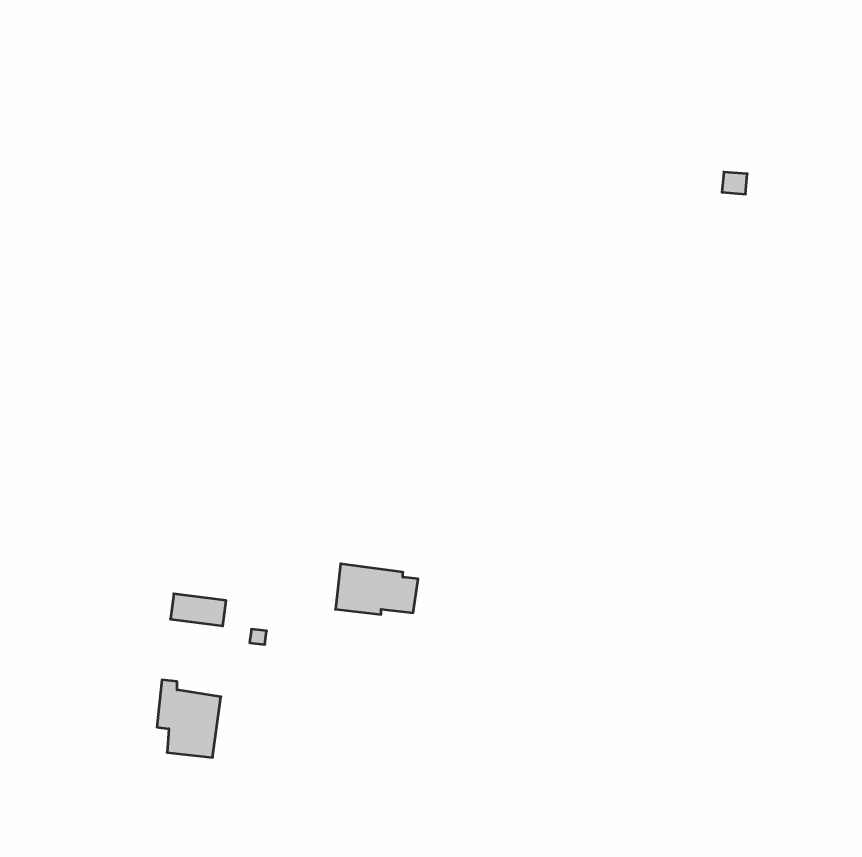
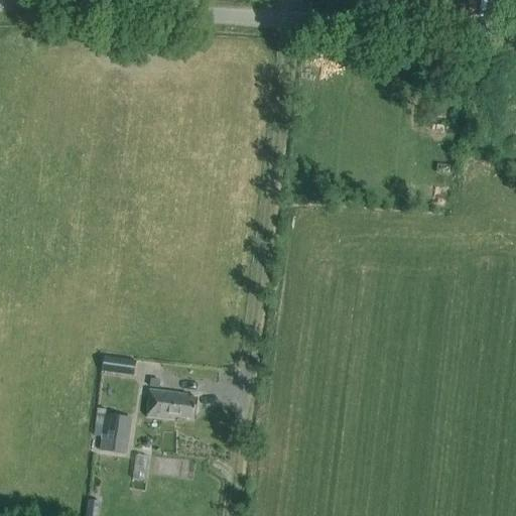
building: [335,564,418,614] -> [147,388,197,418]

